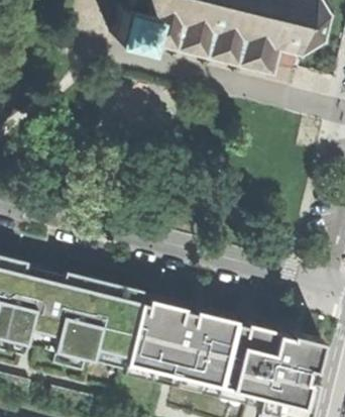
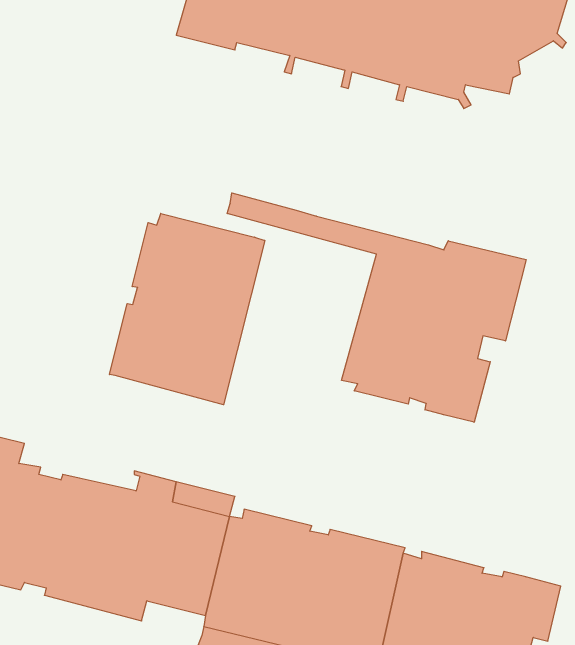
building: none -> [227,193,526,422]
building: none -> [110,213,265,405]

